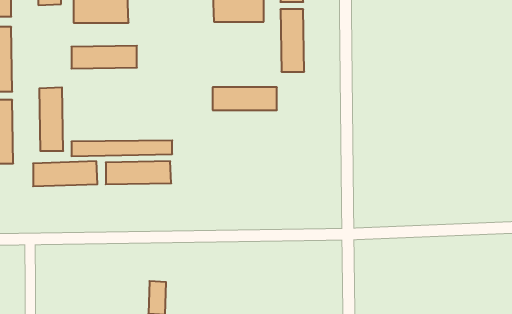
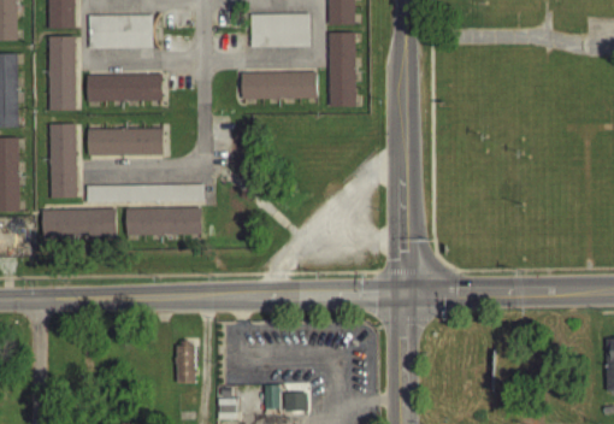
building: none -> [48,36,75,110]
building: [213,87,277,110] -> [242,72,317,99]
building: none -> [88,128,163,155]

